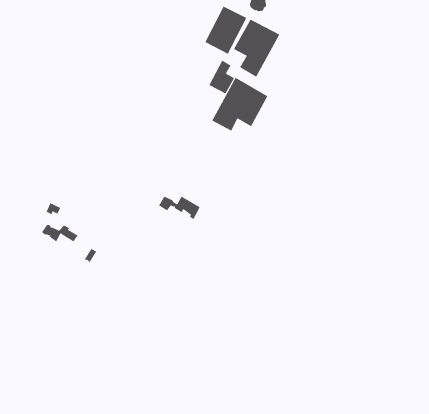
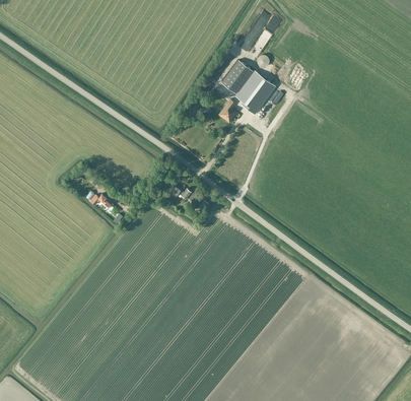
building: [211,77,268,131] -> none

